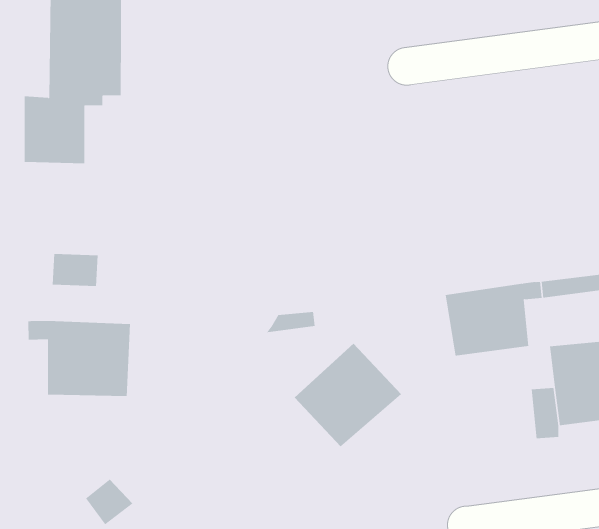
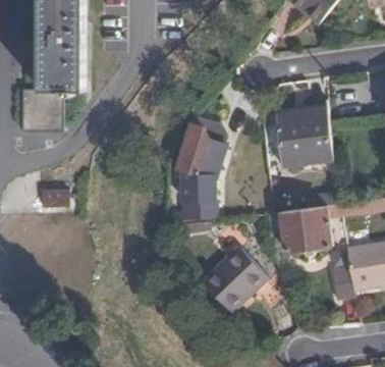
building: none -> [275,109,332,166]
building: none -> [176,116,223,217]
building: [28,320,131,397] -> none

